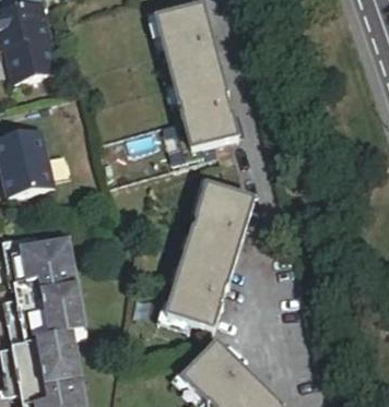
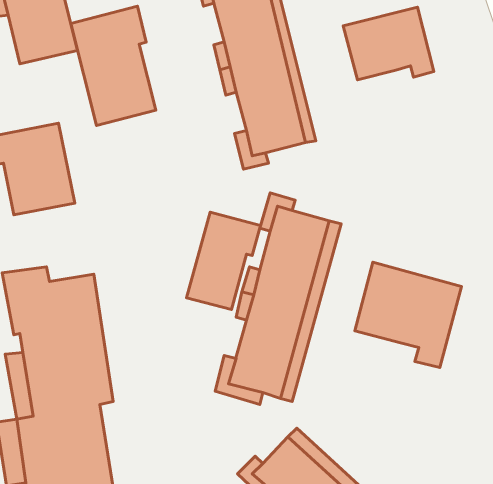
building: none -> [71,6,156,126]
building: none -> [343,7,434,80]
building: none -> [187,212,260,310]
building: none -> [355,262,461,368]

